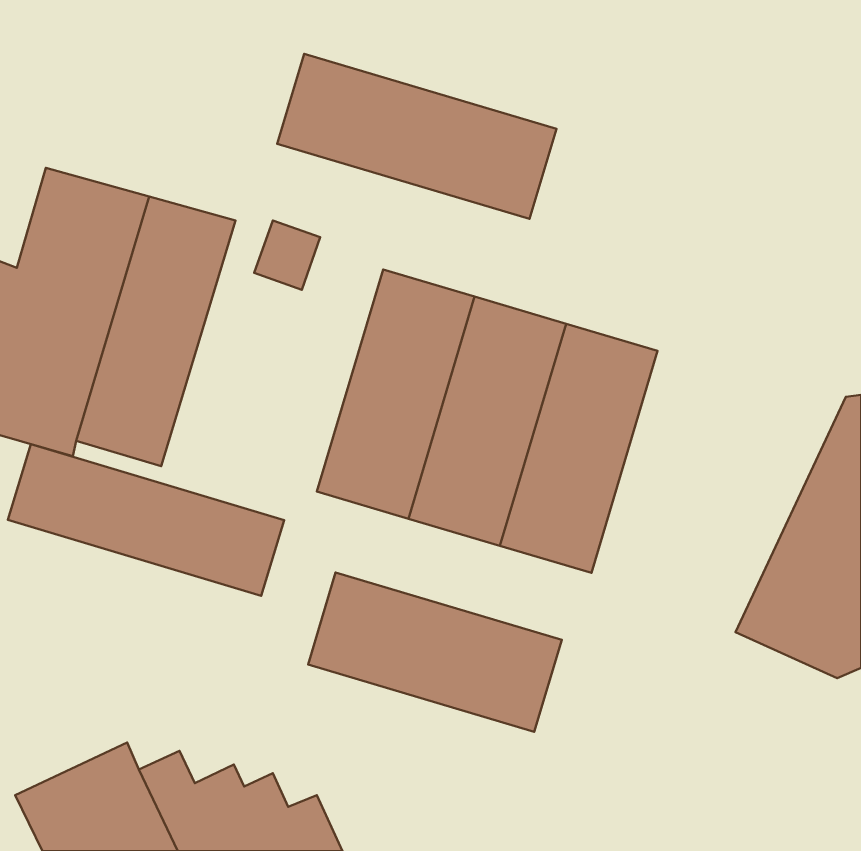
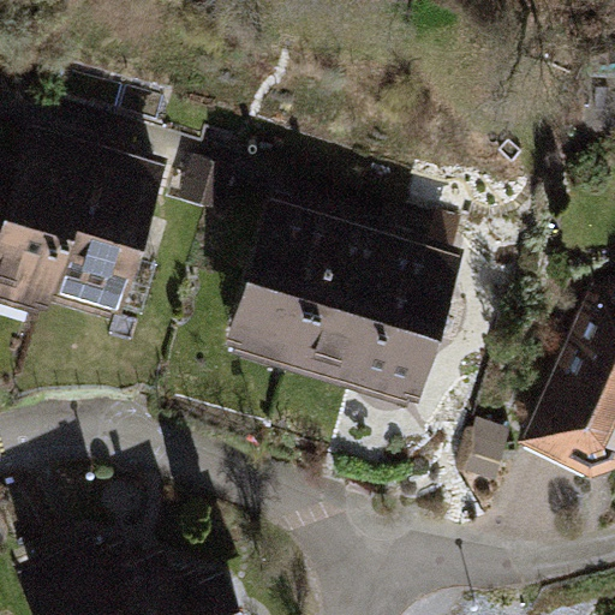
building: [277,54,557,219] -> none
building: [8,444,284,596] -> none
building: [308,572,562,732] -> none

